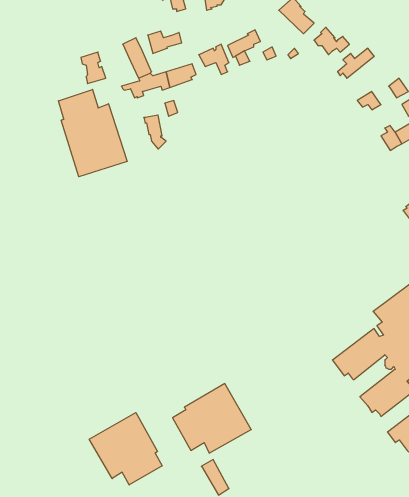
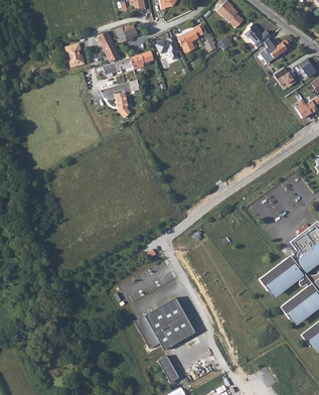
building: [58,89,127,177] -> none
building: [89,413,162,485] -> none

